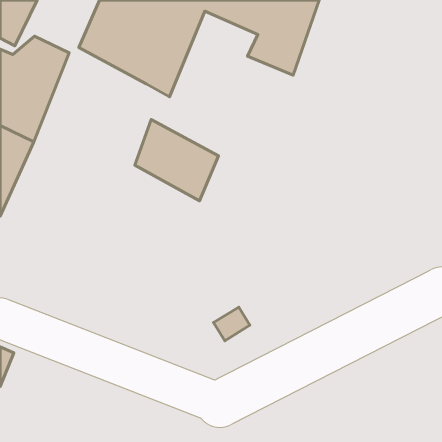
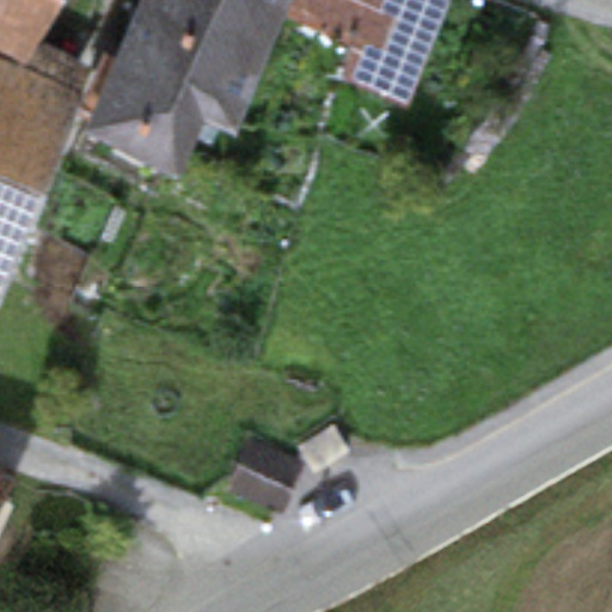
building: [135,119,219,201] -> [86,66,202,178]

